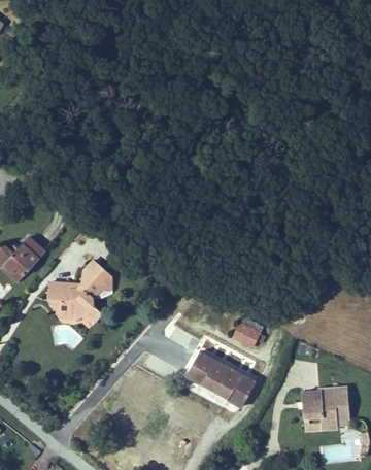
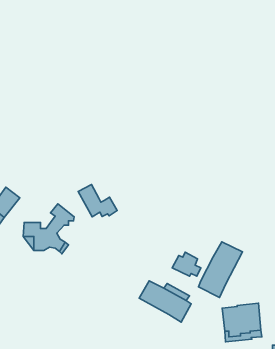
building: none -> [78,185,117,217]
building: none -> [199,242,242,298]

